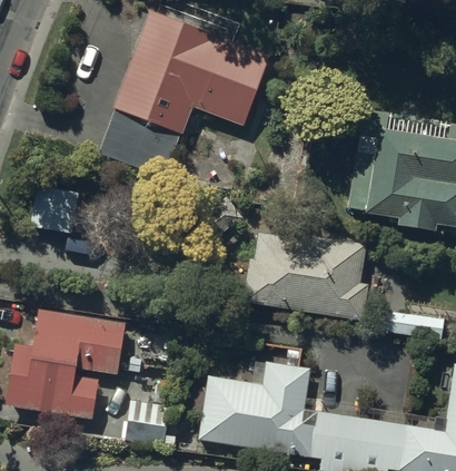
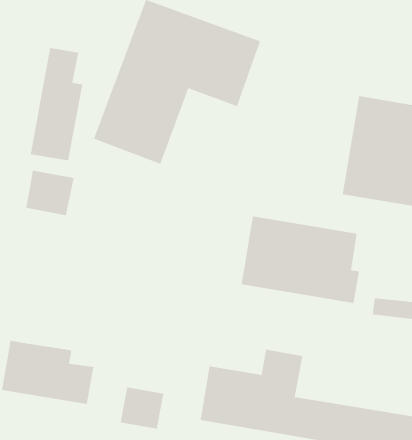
building: none -> [30,47,83,161]
building: [33,311,125,372] -> none

